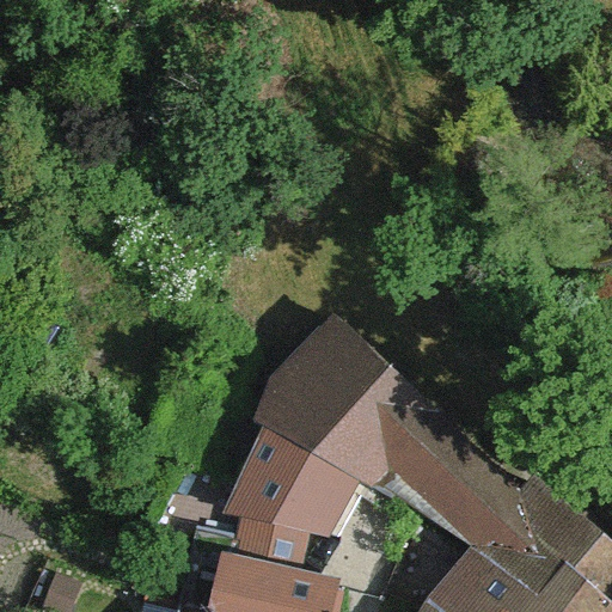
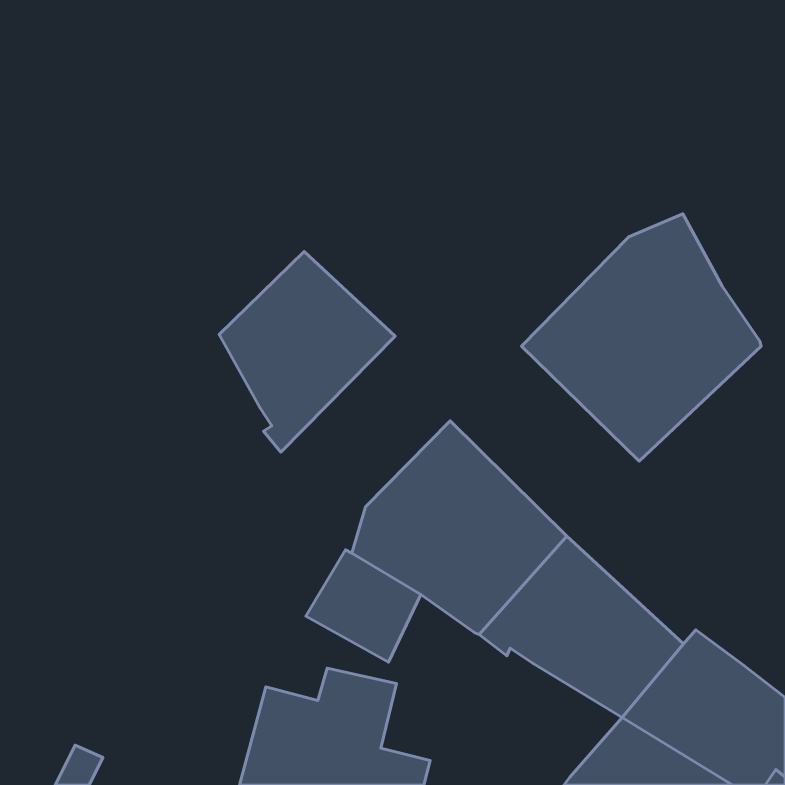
building: none -> [522,214,761,461]
building: none -> [219,251,395,452]

